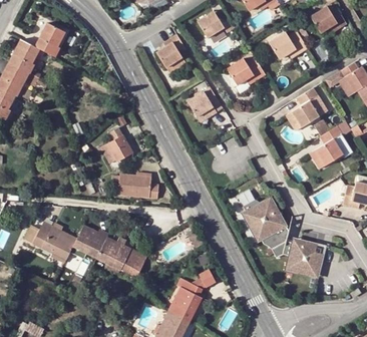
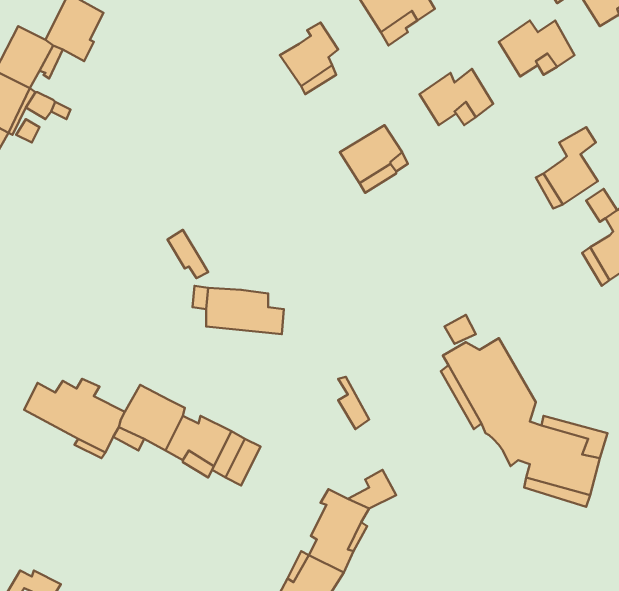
building: [106,127,132,160] -> none

